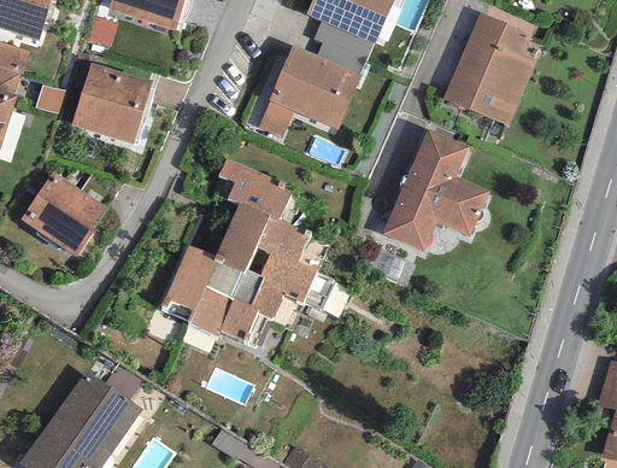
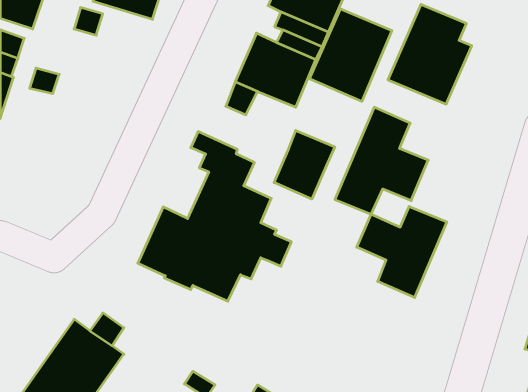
building: none -> [309,9,392,101]
building: [71,62,152,144] -> none
building: none -> [274,130,335,199]
building: [20,170,108,256] -> none
building: none -> [357,206,447,298]

